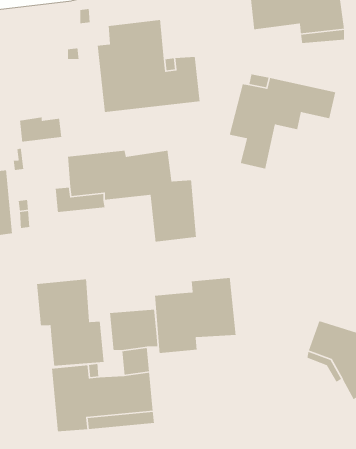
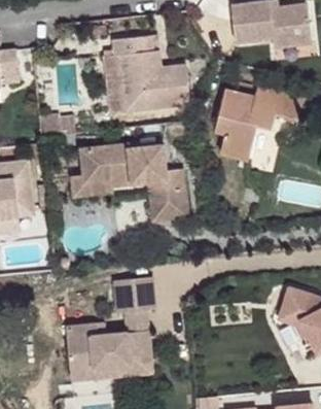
building: [154,277,236,354] -> none
building: [36,278,104,366] -> none

